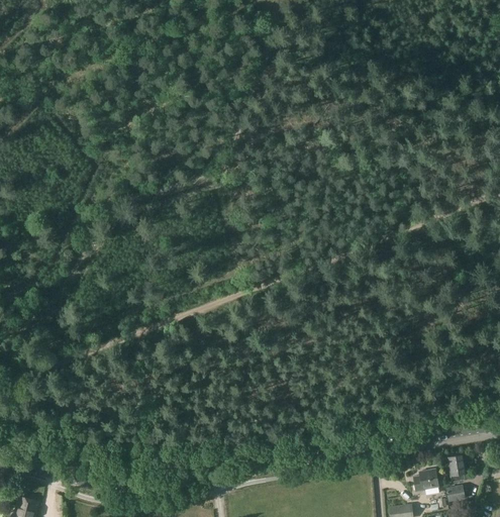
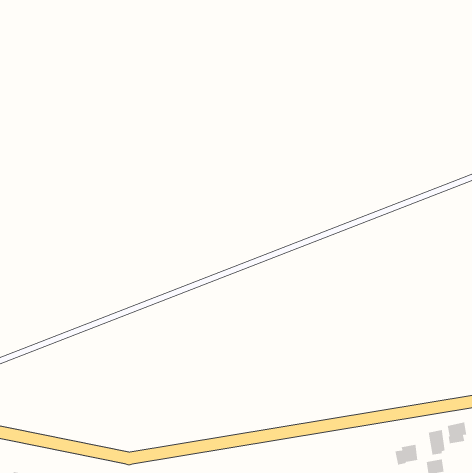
building: none -> [447,421,467,444]

